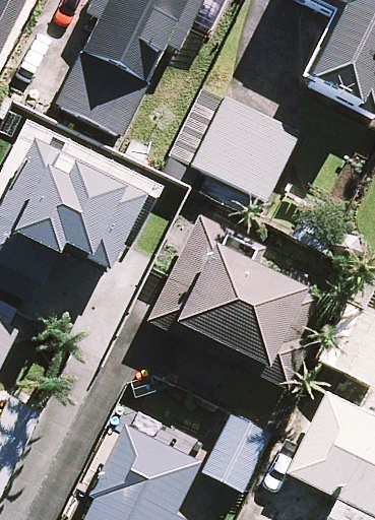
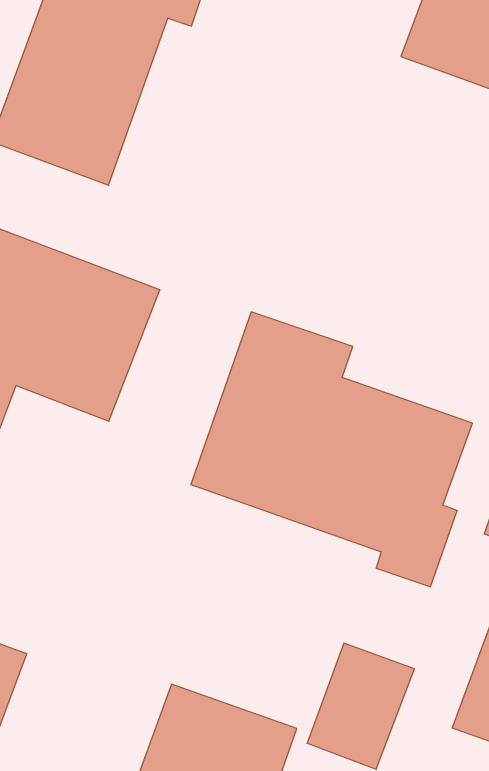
building: [176,96,300,198] -> none

